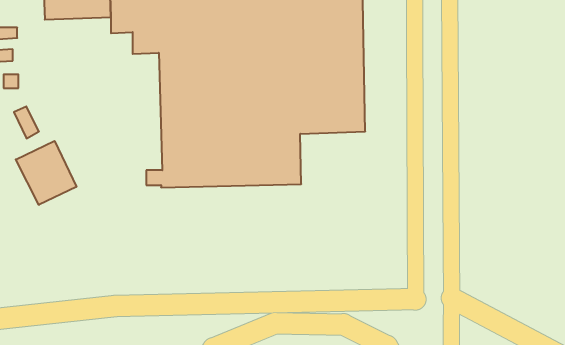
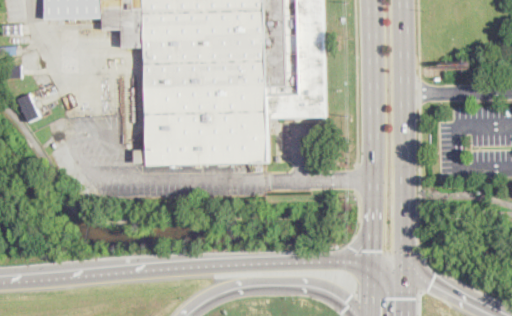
building: [16,141,76,205] -> none

